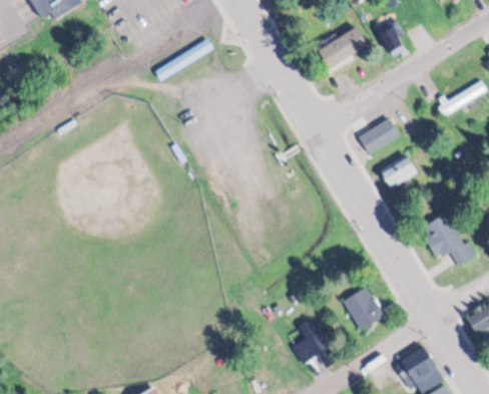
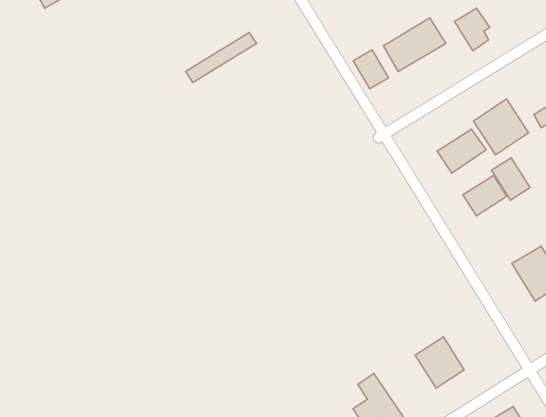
building: none -> [353,50,389,89]
building: none -> [473,99,529,155]
building: none -> [491,158,530,200]

